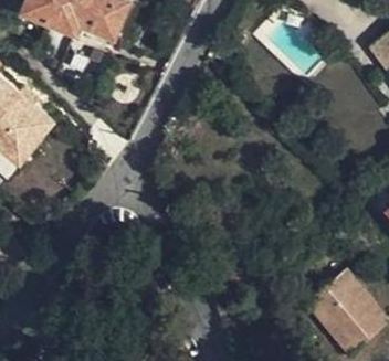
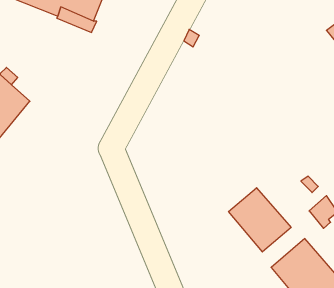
building: none -> [229,188,291,252]

